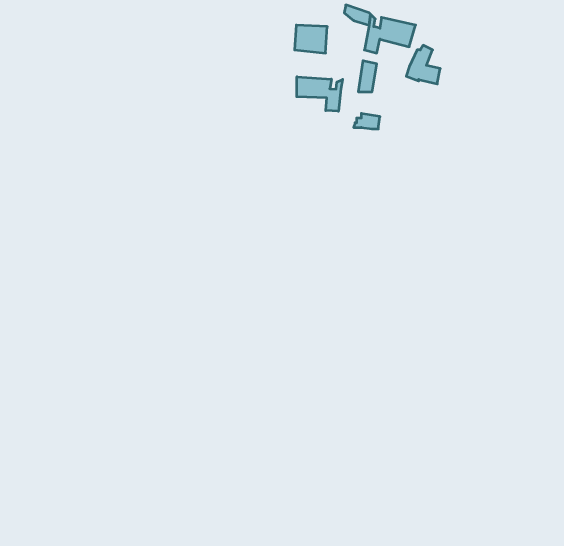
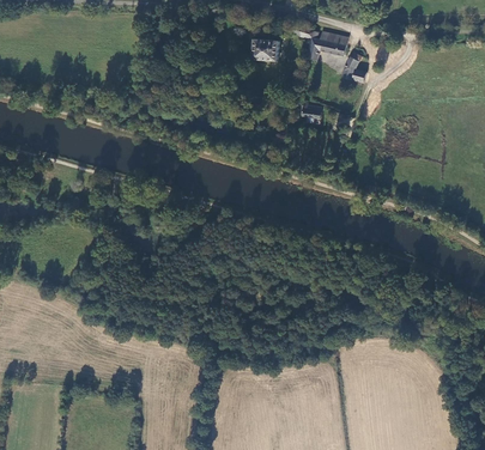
building: [297,77,343,111] -> none

